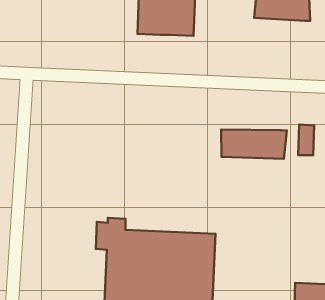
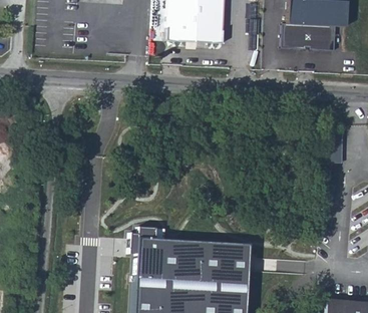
building: none -> [283,23,337,50]
building: [221,129,287,159] -> none

